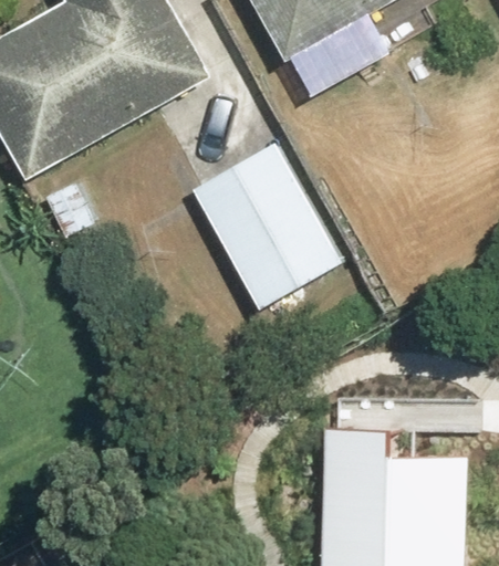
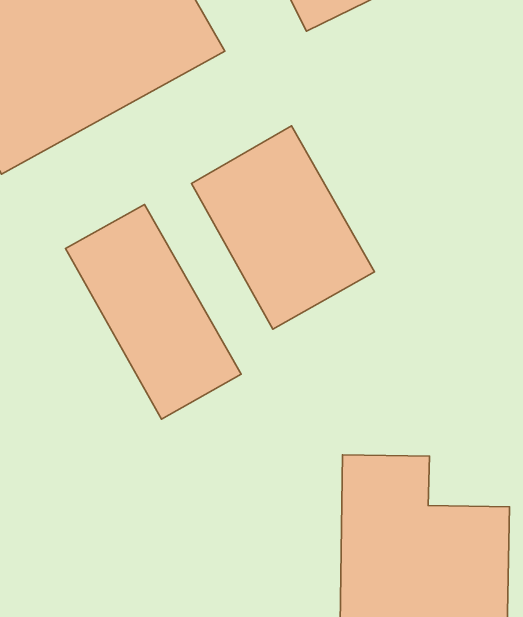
building: none -> [65,205,241,419]

